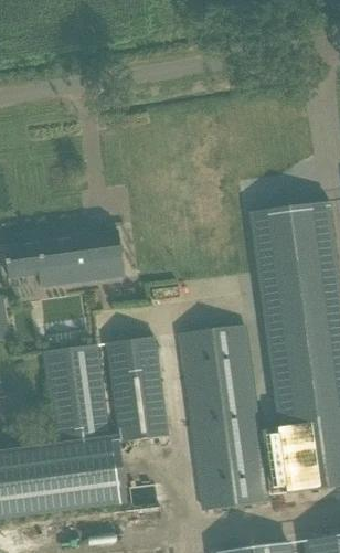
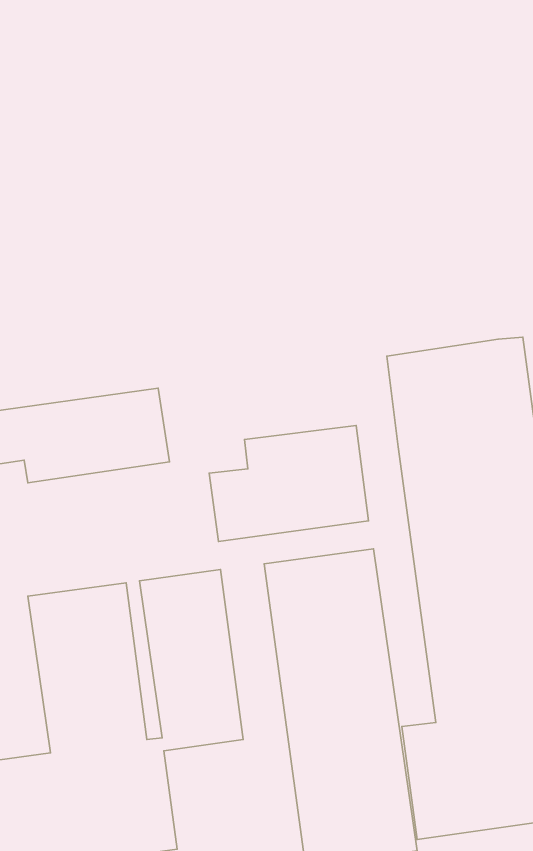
building: none -> [209,425,368,541]

